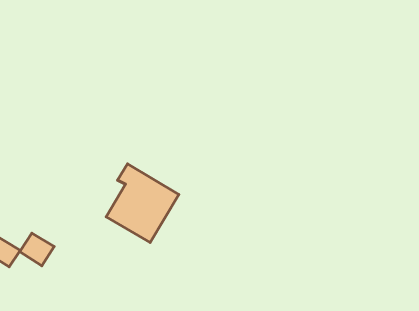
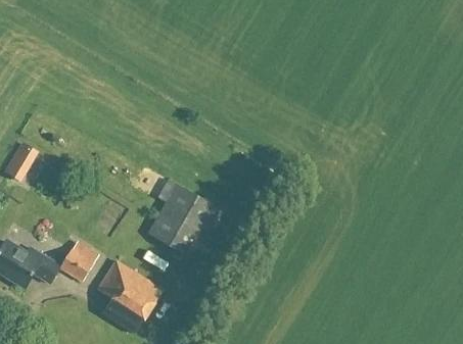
building: none -> [95,258,161,317]

